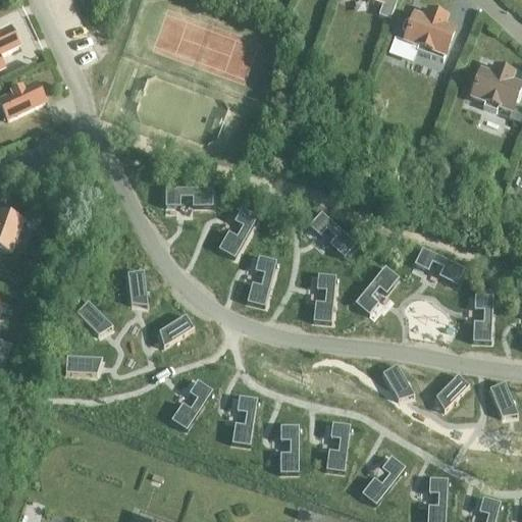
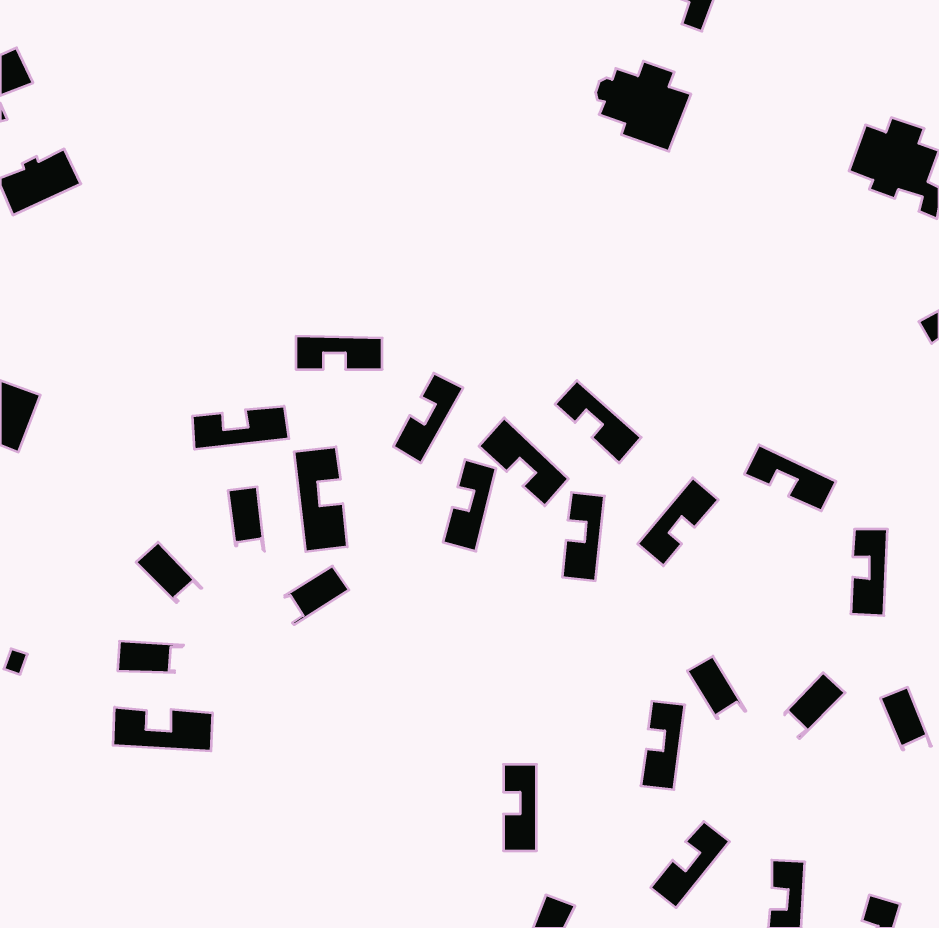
building: [402,9,455,59] -> [595,61,691,151]
building: none -> [193,406,289,449]
building: none -> [479,418,568,506]
building: none -> [294,447,347,552]
building: [170,379,212,429] -> none
building: none -> [113,707,212,751]
building: [231,396,256,445] -> none
building: [325,422,350,471] -> [641,701,685,790]

